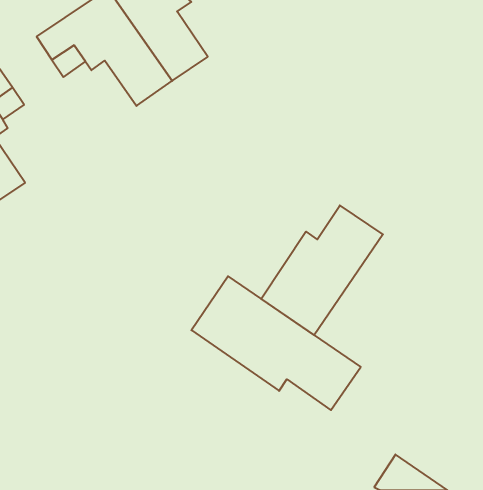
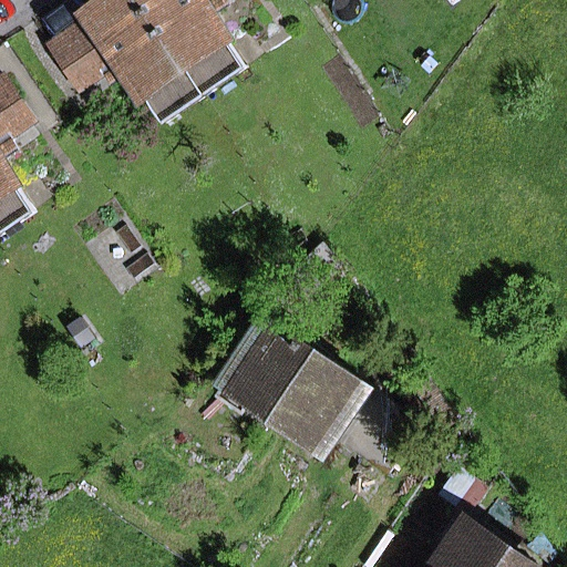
building: [261,205,383,335] -> none

